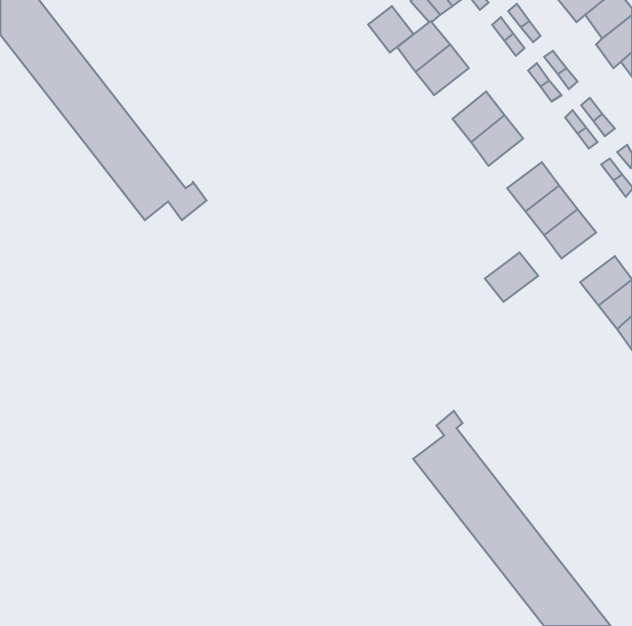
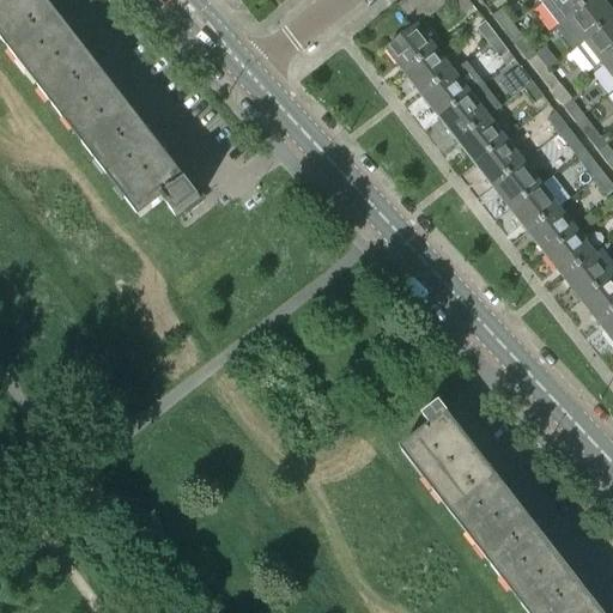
building: [368,6,414,52] -> none
building: none -> [420,66,471,115]
building: none -> [473,134,524,182]
building: [485,252,538,302] -> [544,225,595,273]

